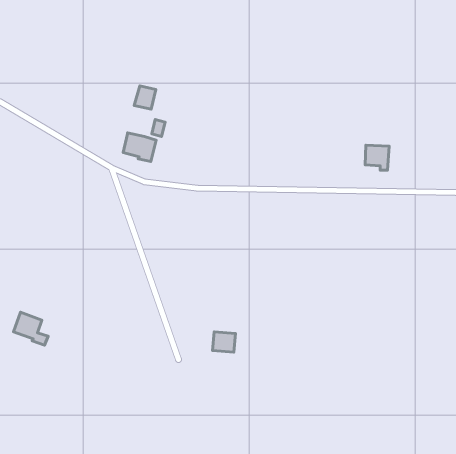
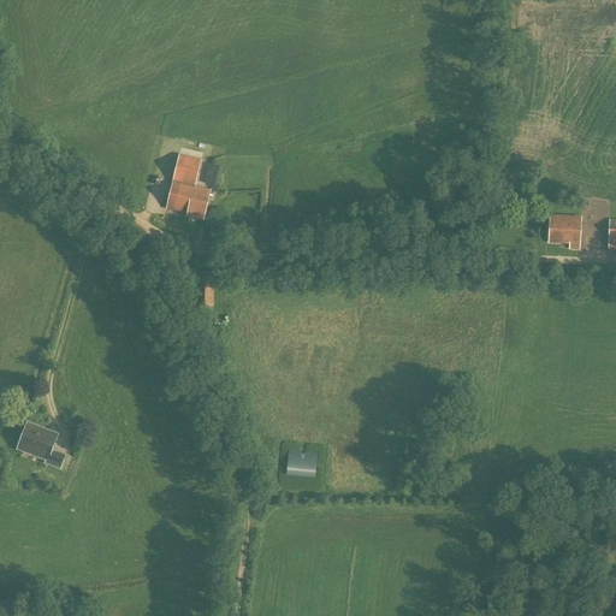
building: [134,86,156,109] -> [172,153,201,184]
building: [365,145,389,170] -> [549,214,581,248]

